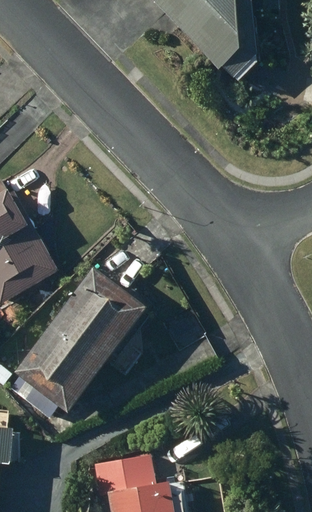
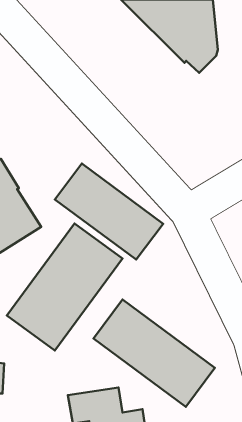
building: none -> [55,164,163,260]
building: none -> [94,300,215,407]

